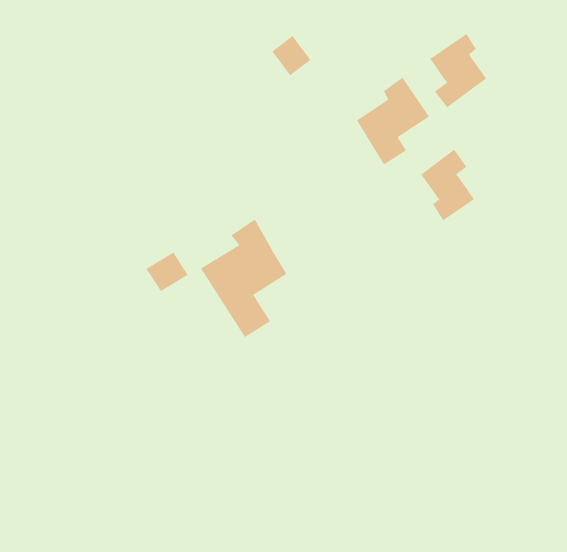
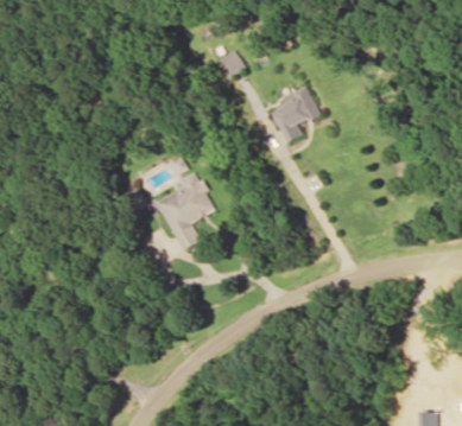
building: [429,33,487,108] -> none
building: [421,149,475,221] -> none

